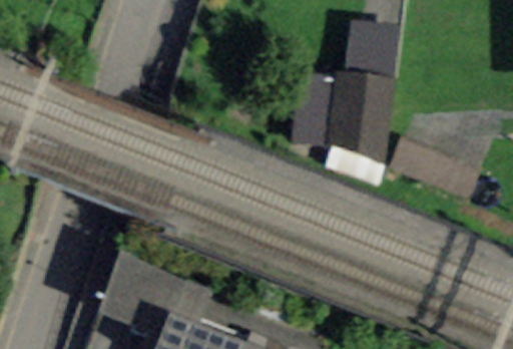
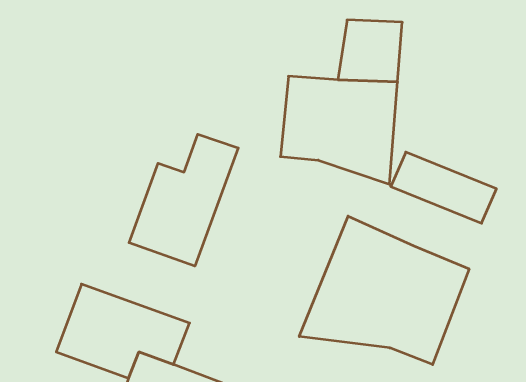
building: none -> [129,134,238,266]
building: none -> [299,216,469,365]

